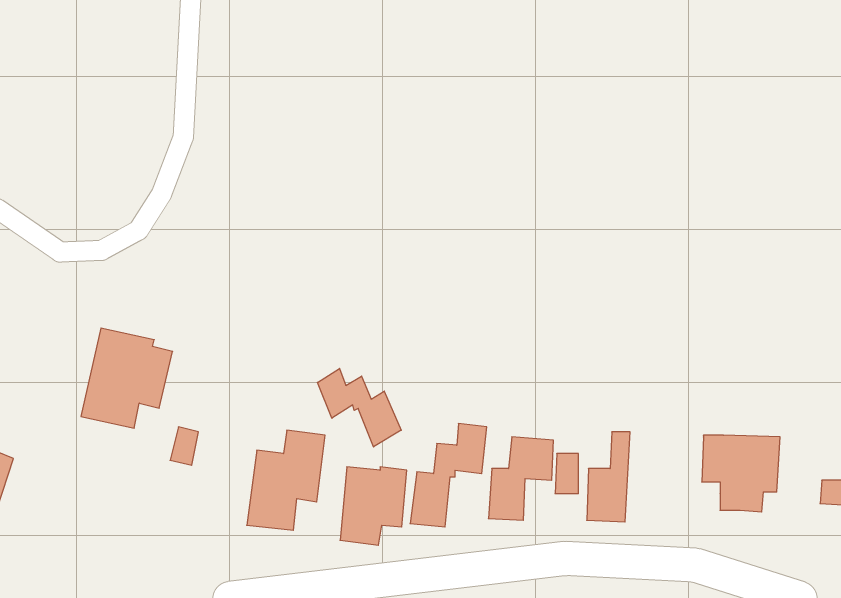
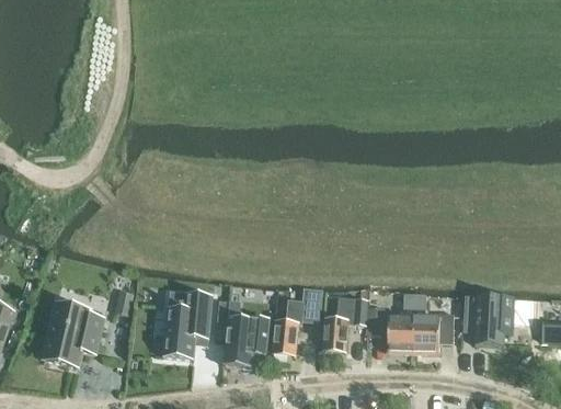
building: [81,328,173,428] -> [43,299,103,365]
building: [317,368,401,447] -> none
building: none -> [412,292,453,352]

